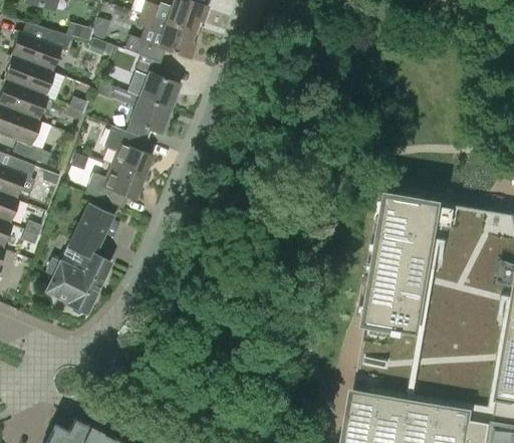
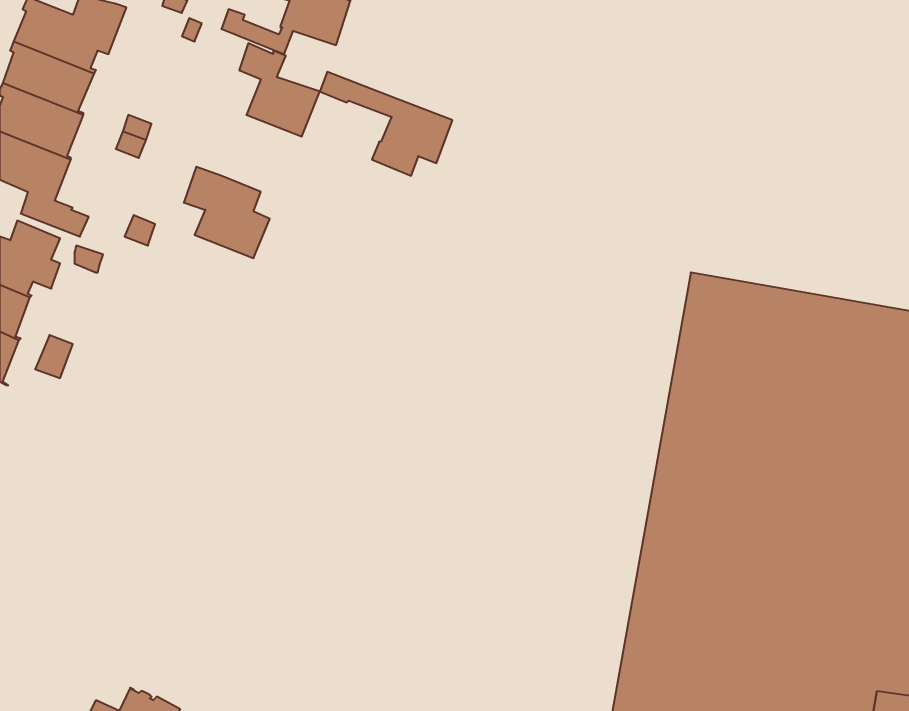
building: [96,82,171,141] -> [320,72,452,176]
building: [85,165,144,208] -> none
building: [46,203,114,314] -> none

